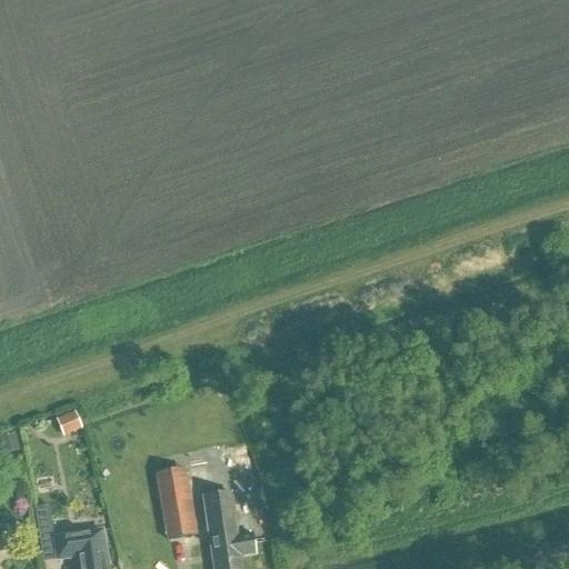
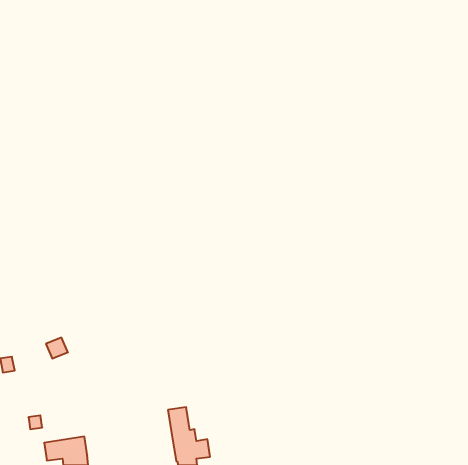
building: [158,477,198,538] -> none

